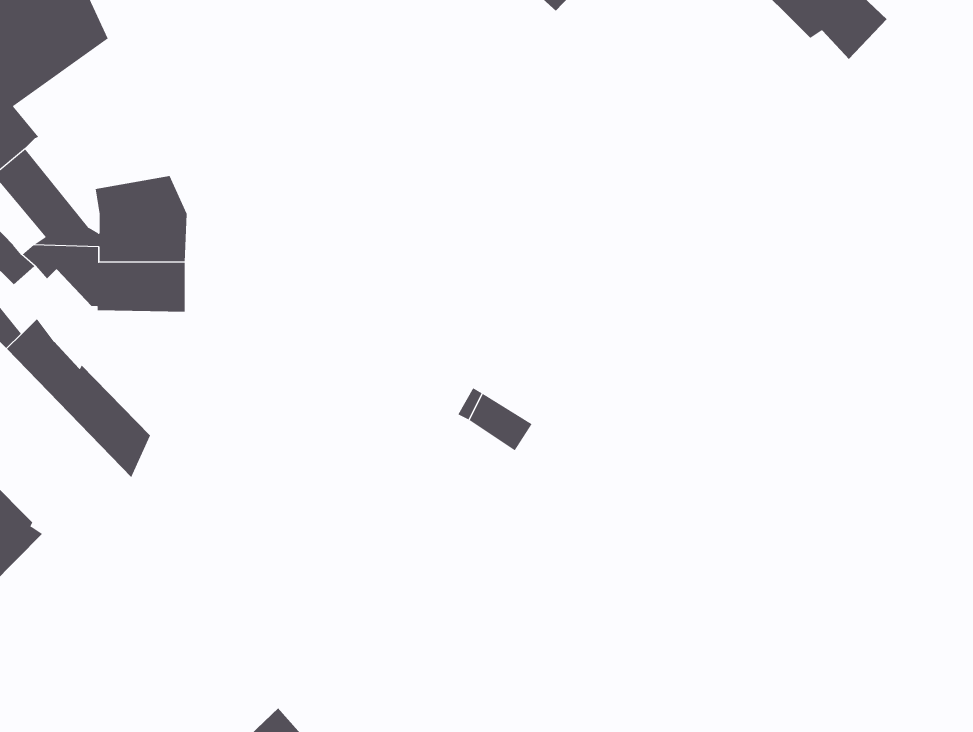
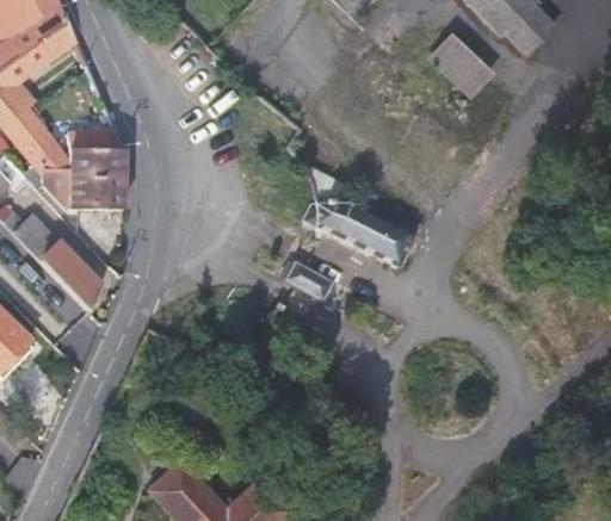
building: none -> [433,31,498,98]
building: none -> [296,160,413,265]

